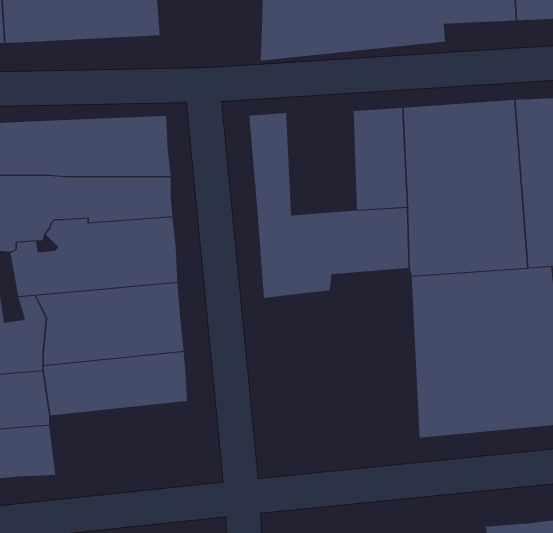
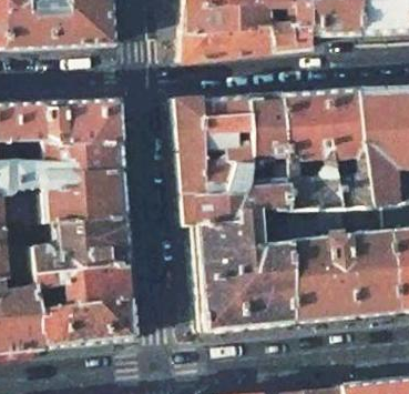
building: none -> [202,97,249,169]
building: none -> [194,205,293,333]
building: none -> [38,297,136,348]

